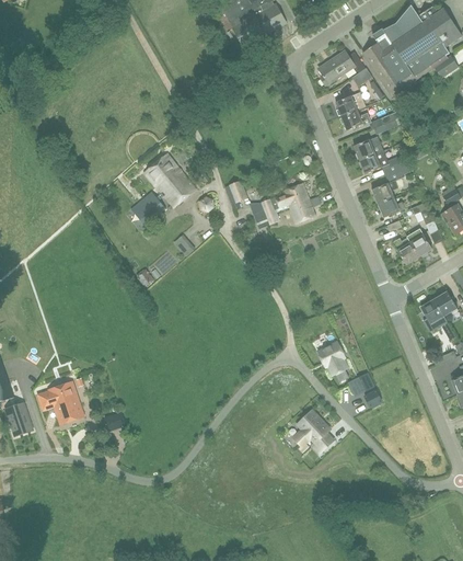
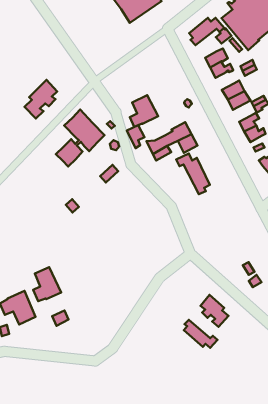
building: none -> [24,80,57,118]
building: none -> [130,95,158,127]
building: none -> [176,154,210,194]
building: [317,341,348,374] -> none
building: none -> [33,267,61,301]
building: none -> [184,320,218,348]

